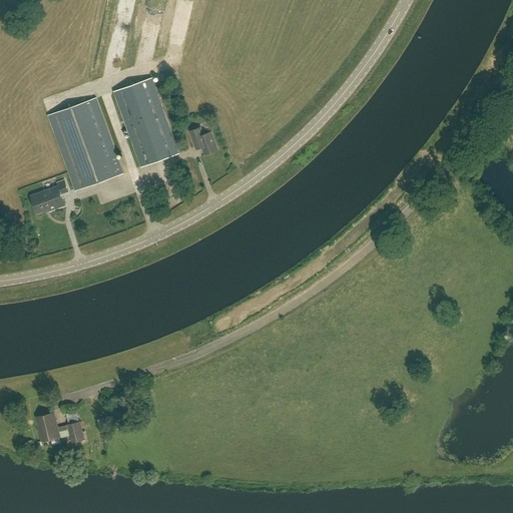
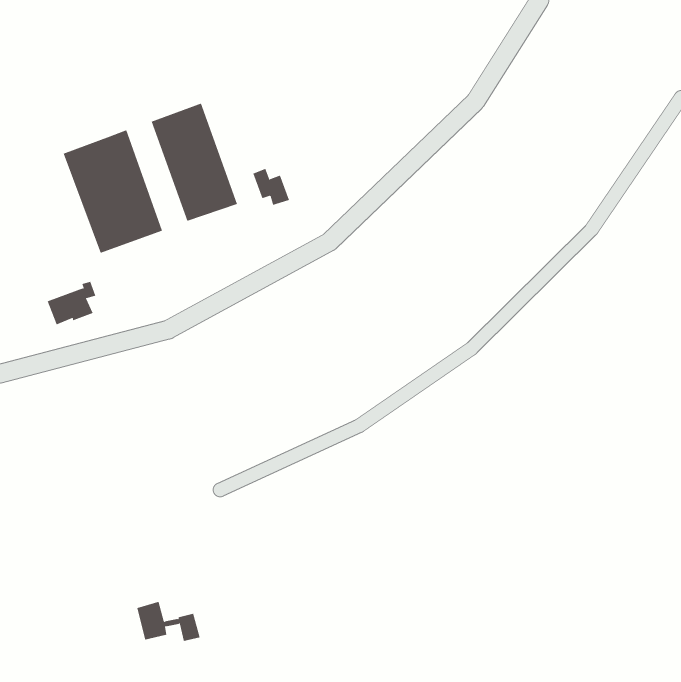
building: [30,180,67,213] -> [47,281,96,325]
building: [36,412,84,442] -> [137,601,201,641]

